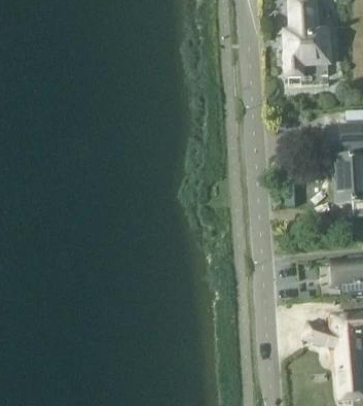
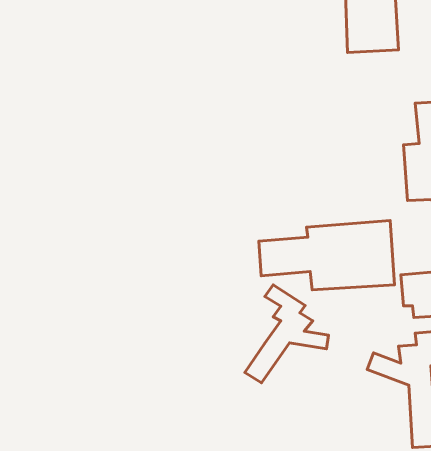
building: none -> [259,221,395,290]
building: none -> [245,285,328,383]

